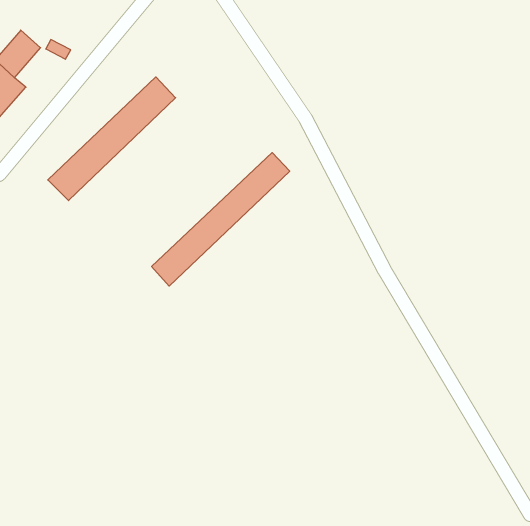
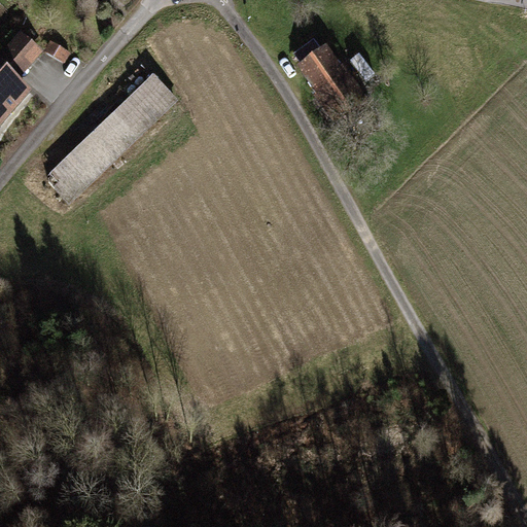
building: none -> [293,37,364,112]
building: [152,153,290,286] -> none

